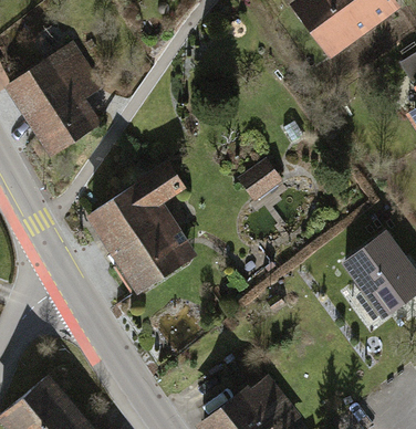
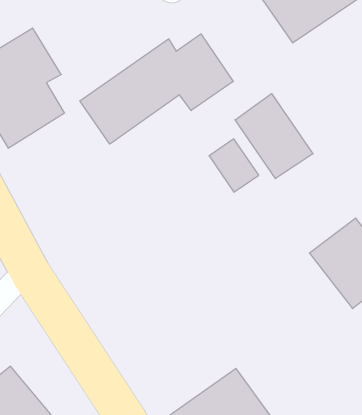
building: none -> [80,34,233,144]
building: none -> [235,94,313,179]
building: [79,164,201,303] -> none

